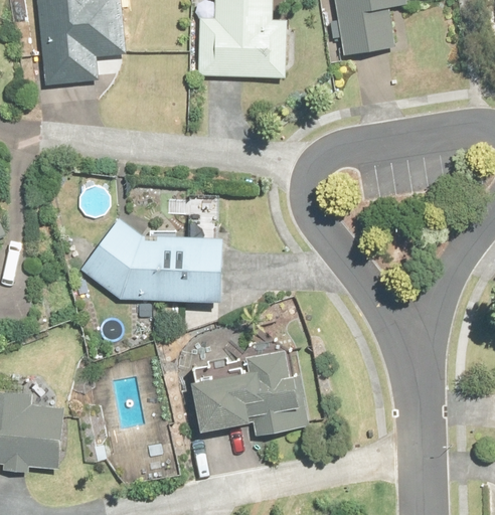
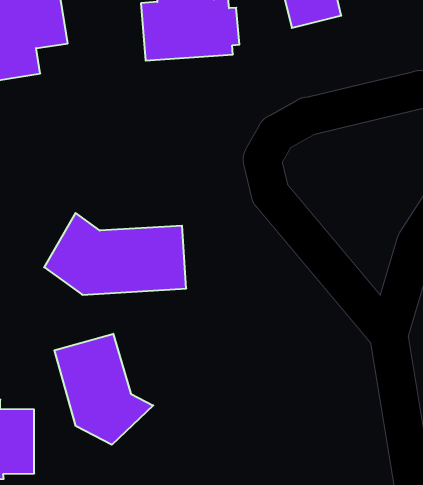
building: none -> [54,334,153,445]
building: [193,350,308,437] -> none

